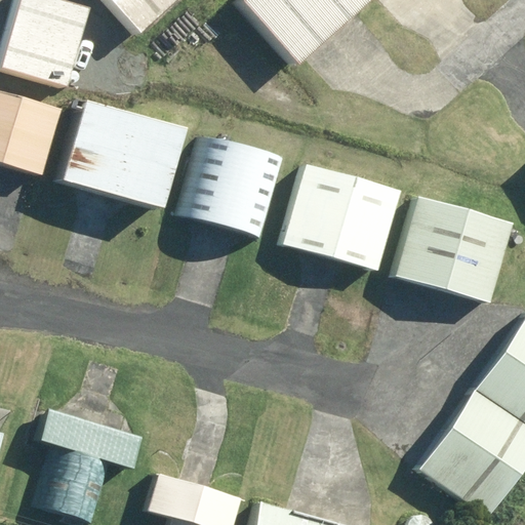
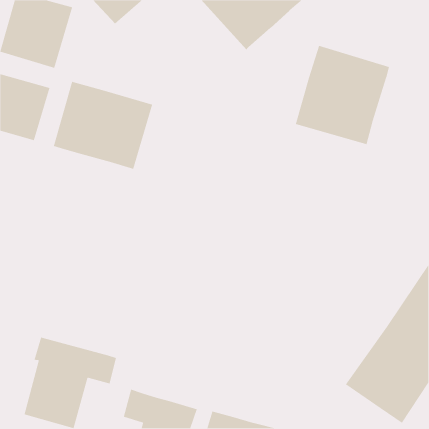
building: none -> [295,45,390,145]
building: [174,132,281,237] -> none
building: [282,162,400,269] -> none
building: [395,196,512,301] -> none

